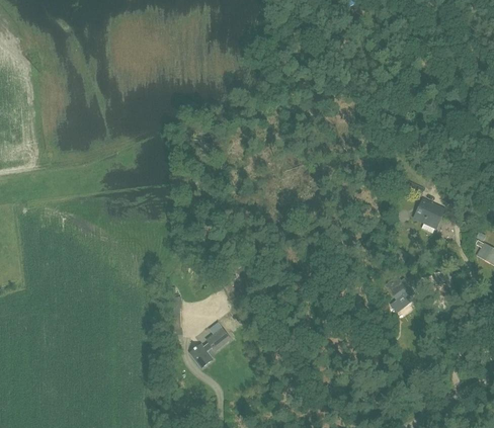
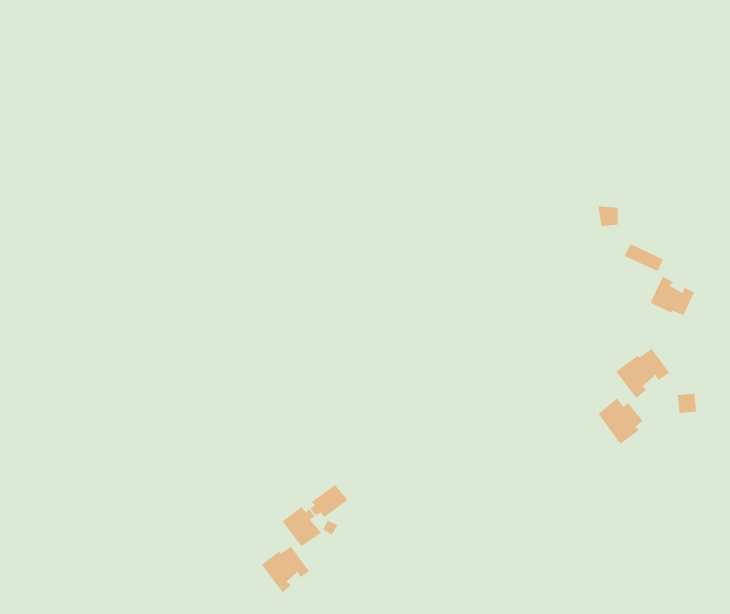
building: none -> [615,348,670,399]
building: none -> [261,546,310,593]

